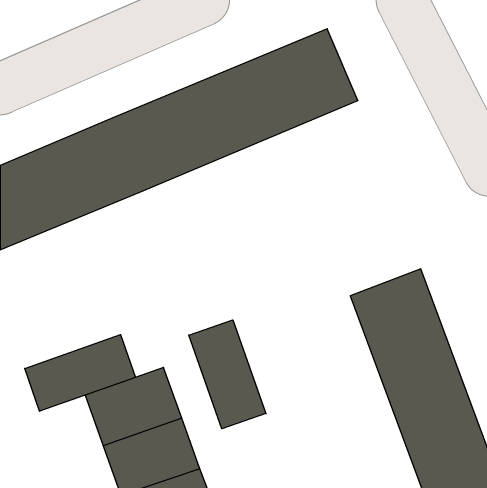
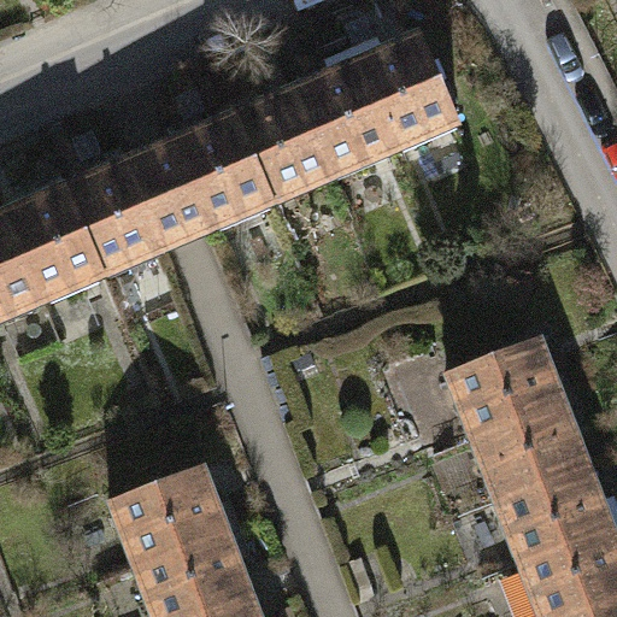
building: [189,320,266,429] -> none
building: [25,335,135,411] -> none

